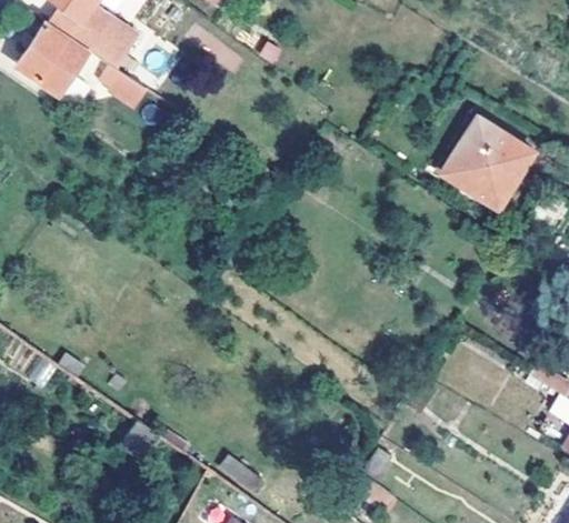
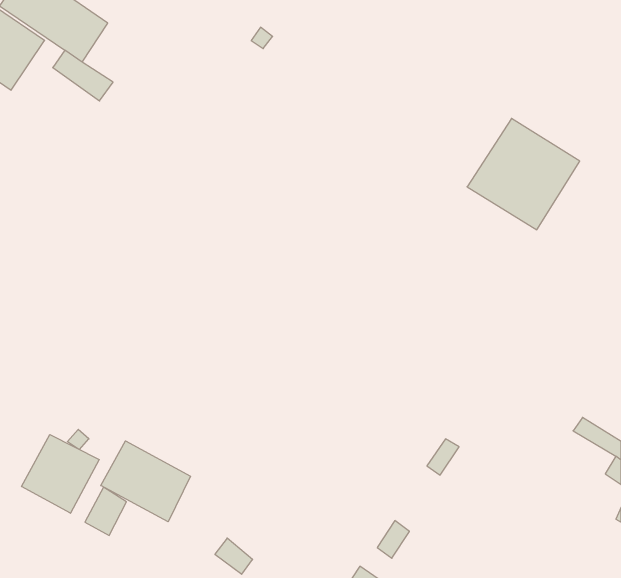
building: none -> [22,435,99,513]
building: none -> [101,441,190,522]

